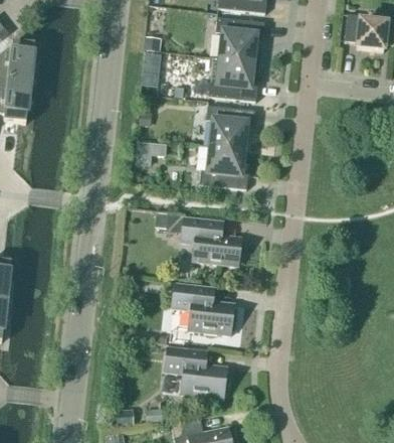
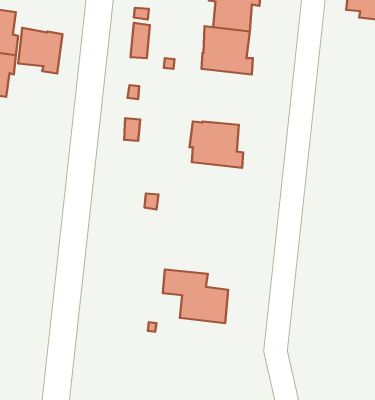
building: none -> [18,28,62,74]
building: [206,106,255,149] -> none
building: [182,218,241,266] -> none
building: [166,348,227,399] -> none

